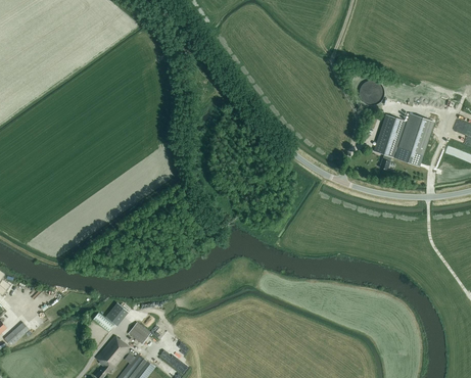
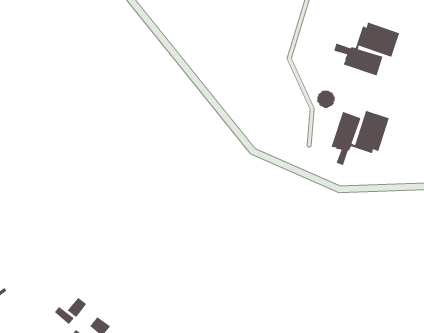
building: none -> [333,21,400,77]

